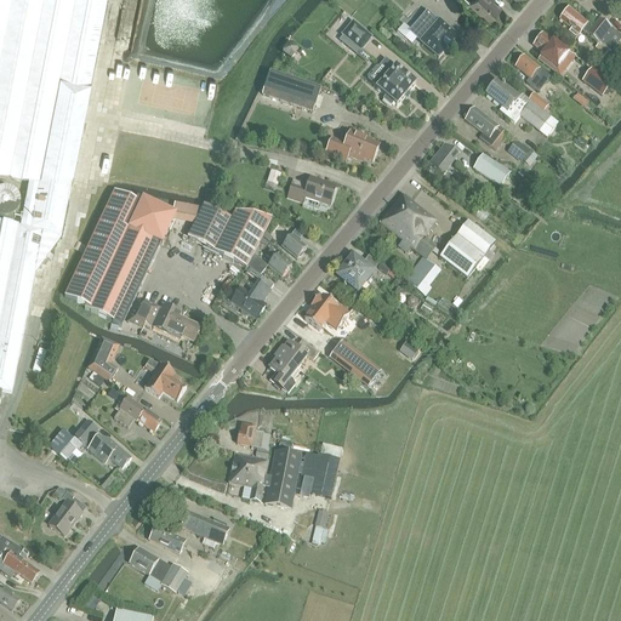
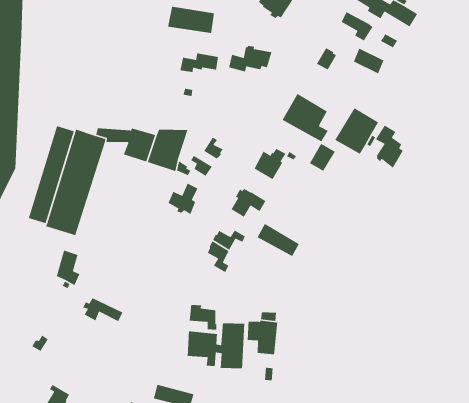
building: [285,175,334,199] -> [180,53,219,73]
building: none -> [375,125,404,169]
building: [126,298,201,338] -> none
building: [143,363,186,400] -> none
building: [72,418,130,468] -> none

